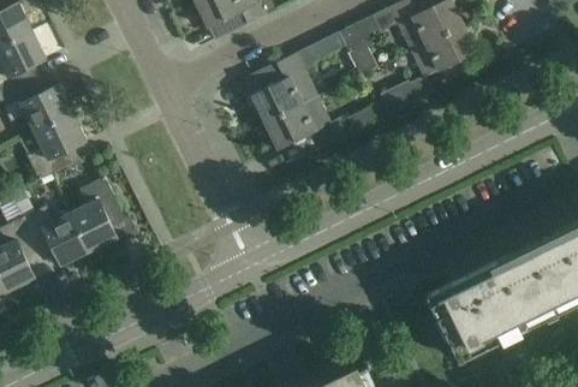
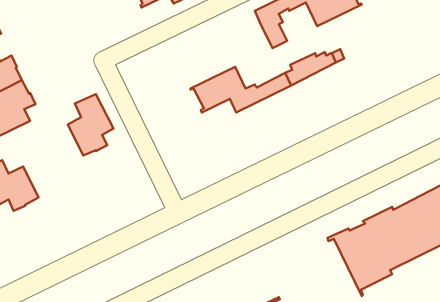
building: [410,26,475,78] -> none
building: [250,34,344,124] -> none
building: [70,179,123,250] -> [68,94,113,155]

